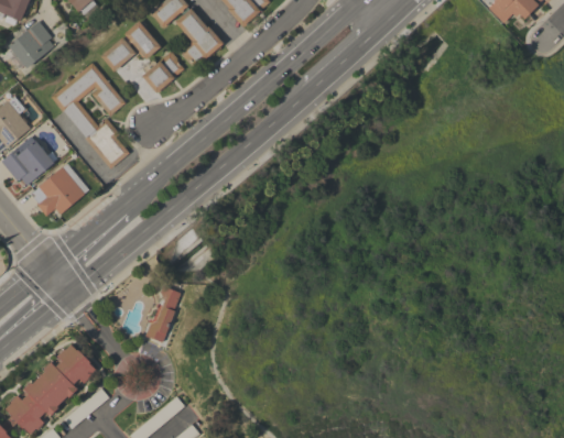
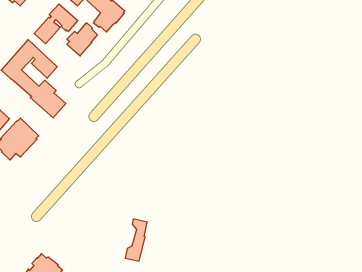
building: [144,285,180,341] -> [125,219,147,261]

